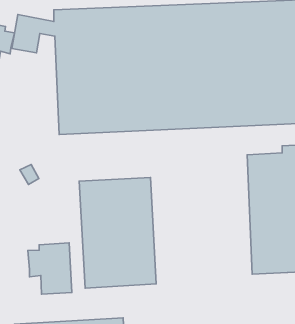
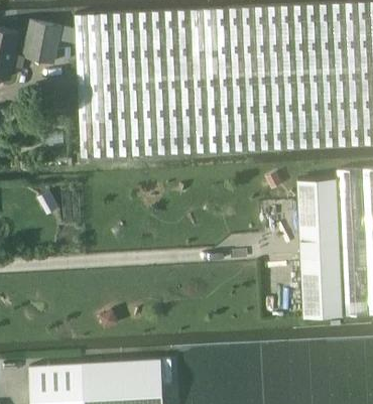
building: [79,178,156,288] -> none
building: [28,243,72,294] -> none

